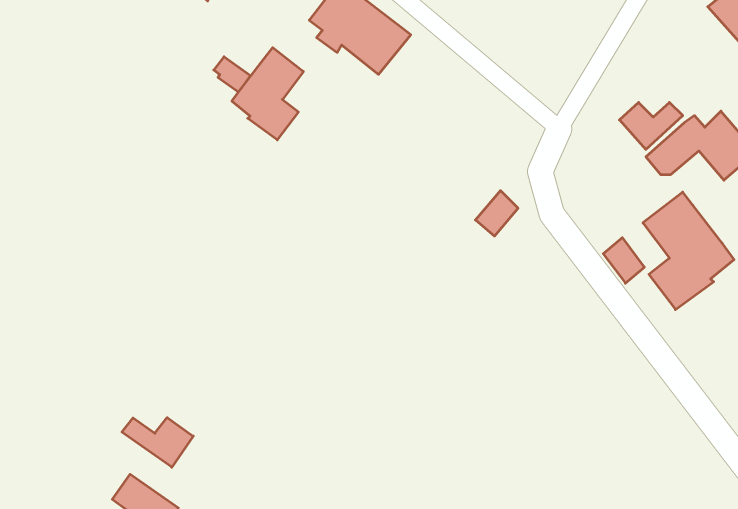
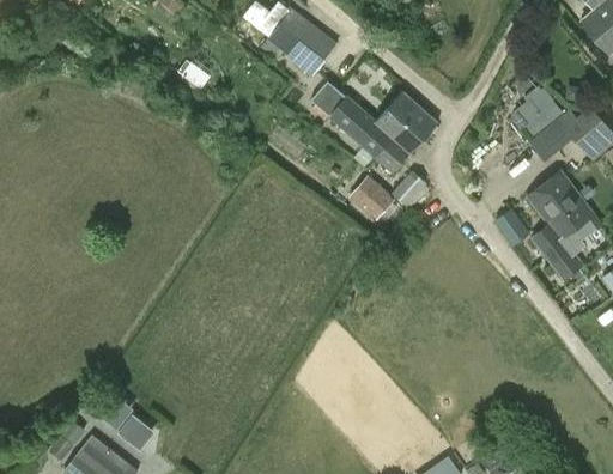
building: [232,48,303,140] -> none
building: none -> [315,85,438,172]
building: none -> [352,178,394,220]
building: [122,418,193,467] -> none

